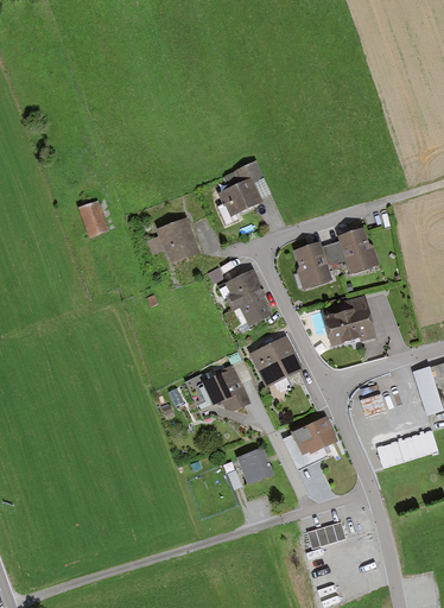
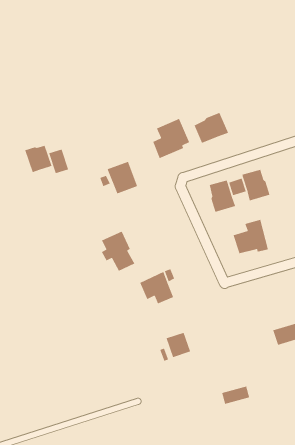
building: none -> [193,112,229,144]
building: none -> [24,145,53,173]
building: [224,268,271,324] -> [101,231,135,272]
building: [248,336,300,385] -> none
building: [288,417,336,461] -> none

